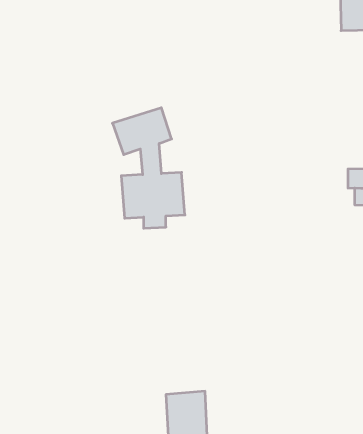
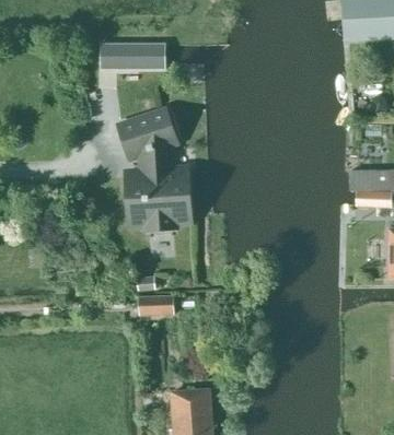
building: none -> [100,42,165,69]
building: none -> [144,294,175,315]

